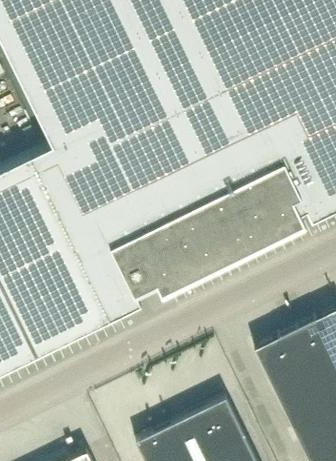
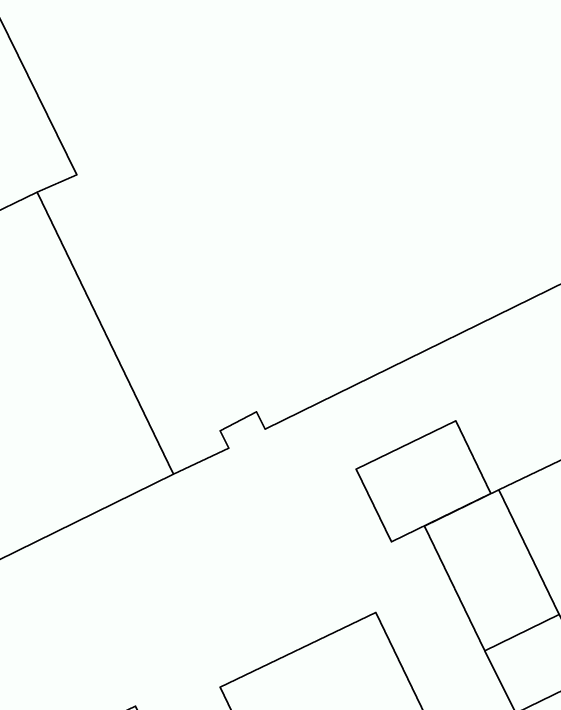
building: none -> [356,421,491,542]

